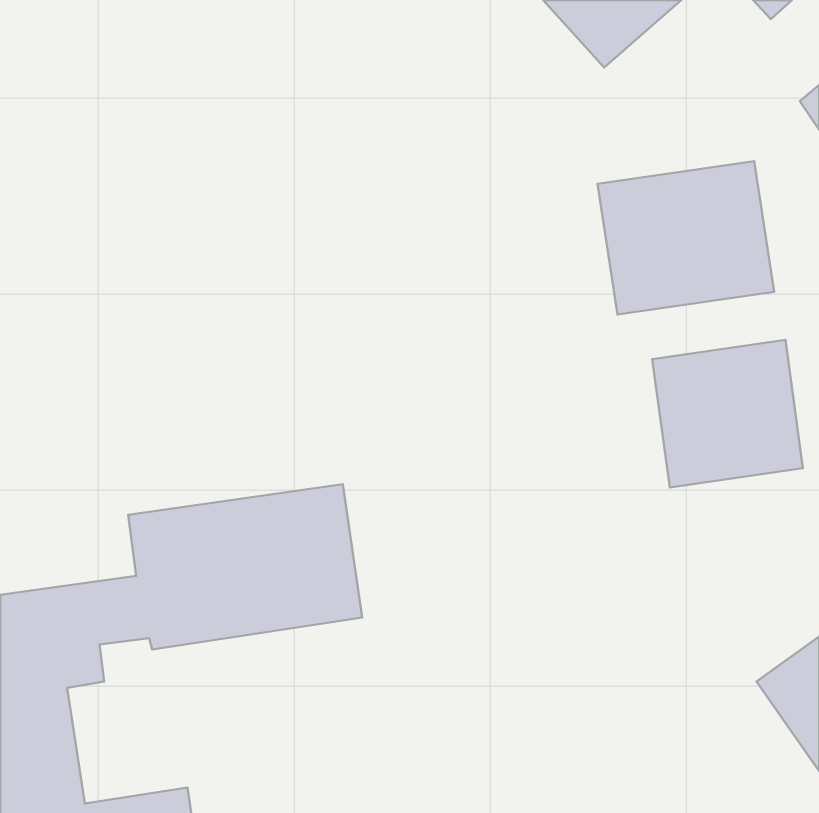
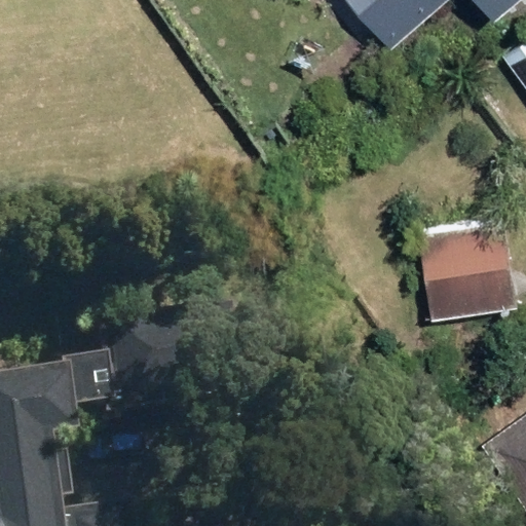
building: [598,161,774,314] -> none

